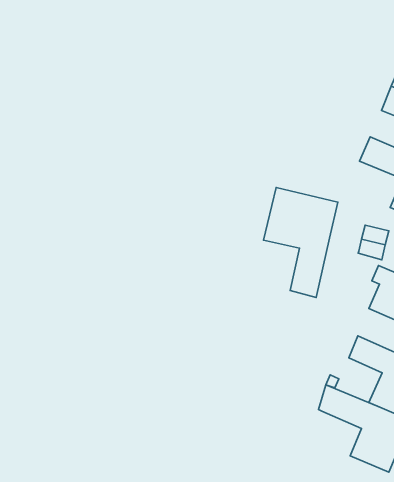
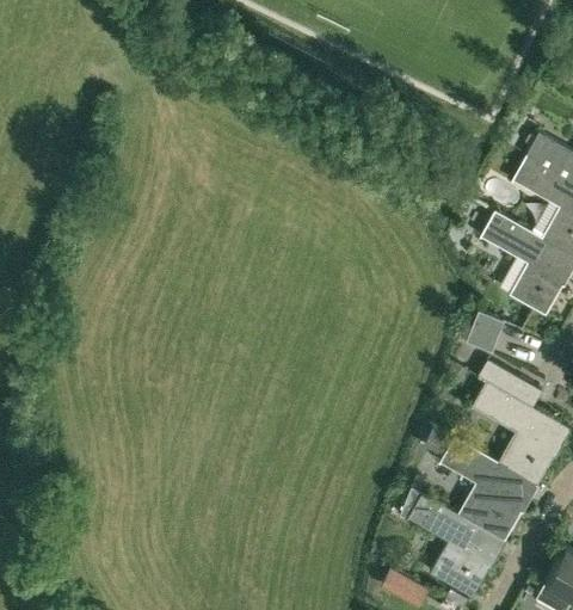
building: [264,187,338,297] -> none

